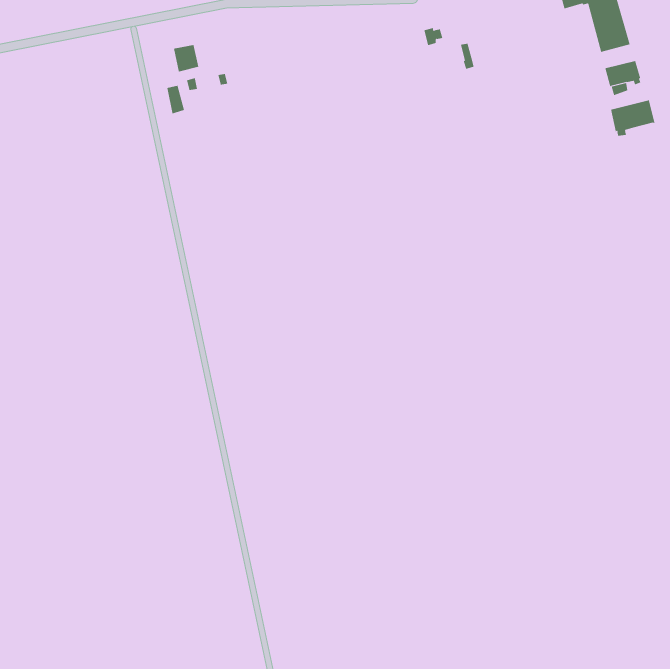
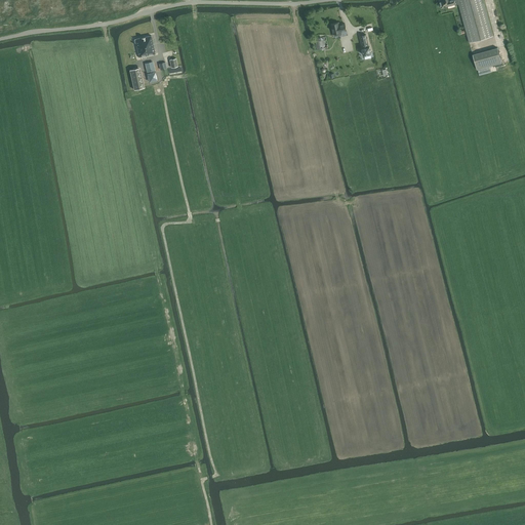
building: [611,100,655,137] -> none

